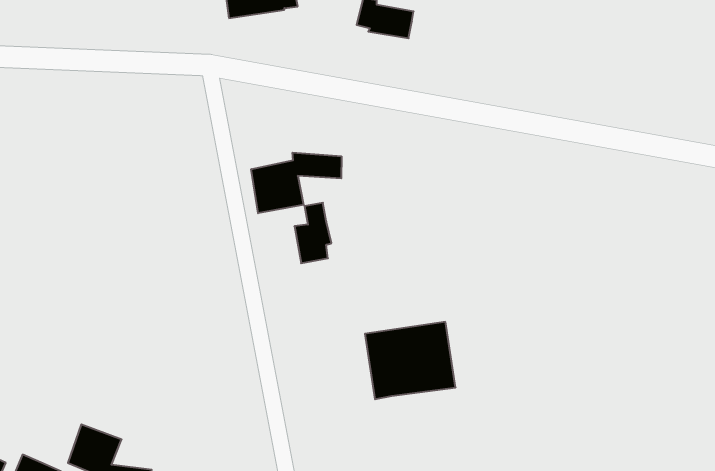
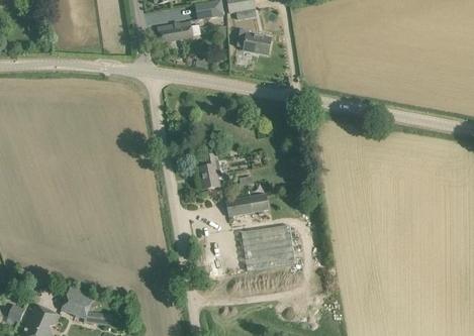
building: [251,153,341,213] -> none
building: none -> [225,193,269,216]

